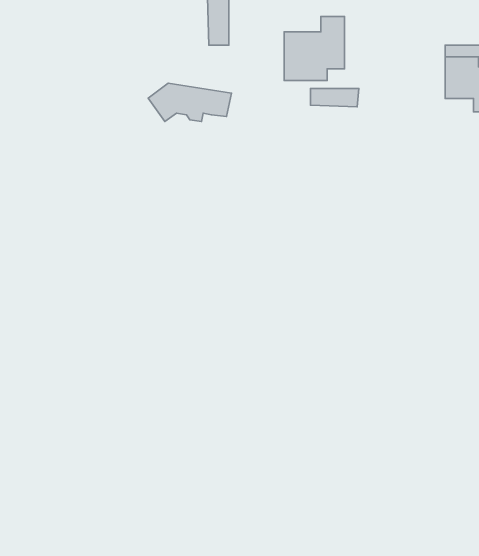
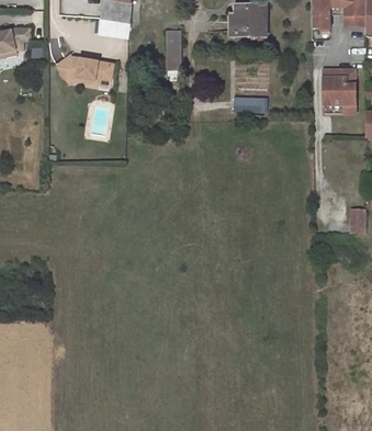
building: [284,16,344,80] -> none
building: [148,83,232,121] -> [58,58,113,83]

